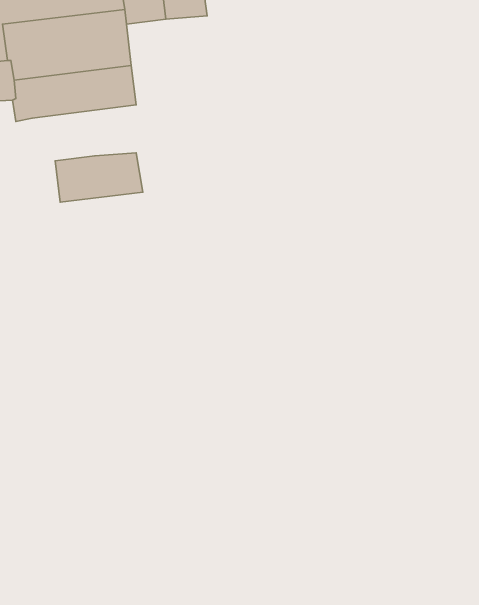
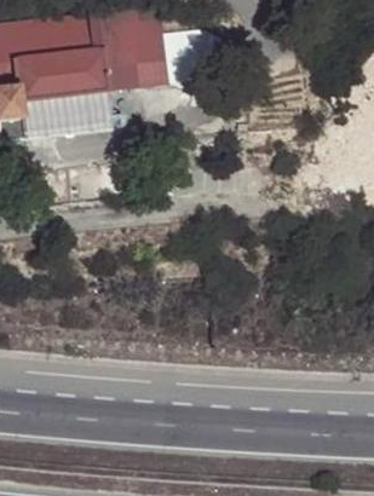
building: [55,153,143,202] -> [105,58,169,94]

